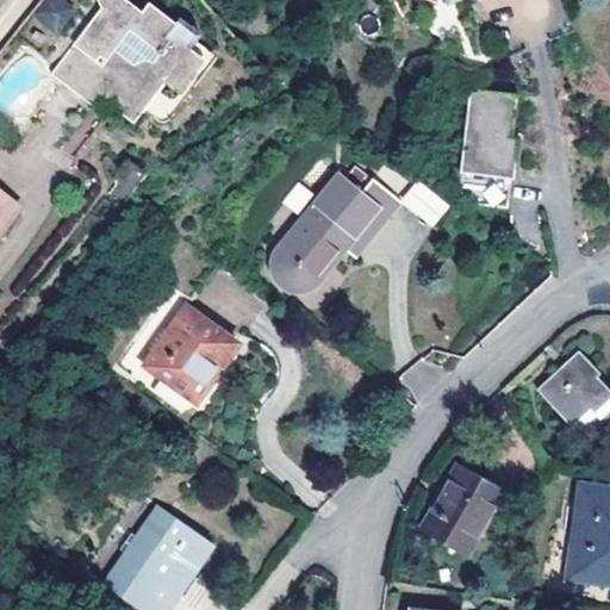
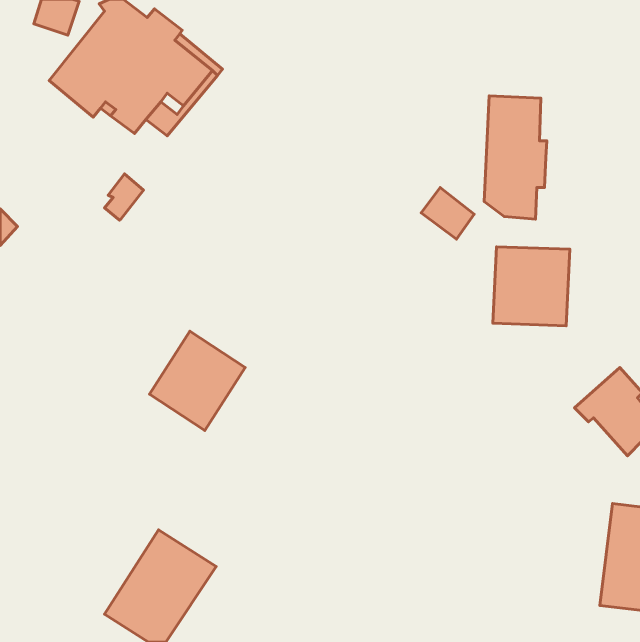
building: [267,170,391,291] -> none
building: none -> [493,247,570,326]
building: [422,462,503,554] -> none

